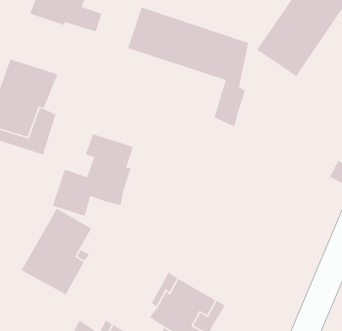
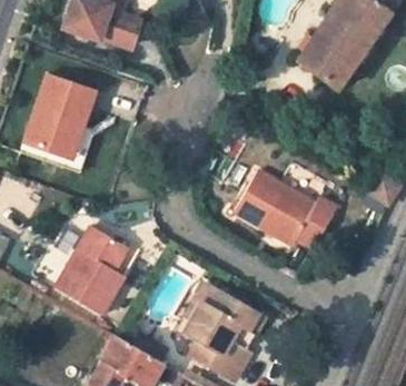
building: [127,7,249,128] -> none
building: [52,133,134,217] -> none
building: none -> [236,167,338,246]

